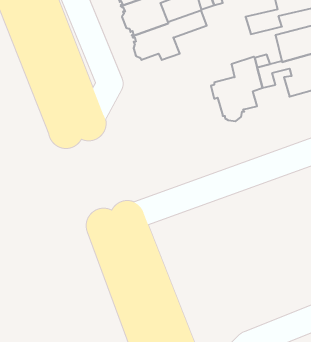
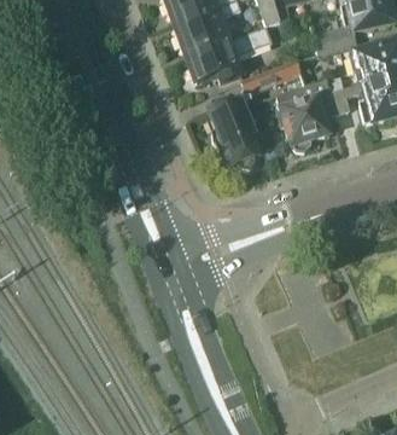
building: none -> [210,58,302,168]

